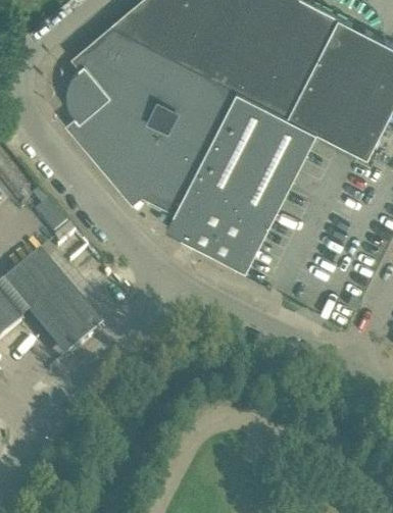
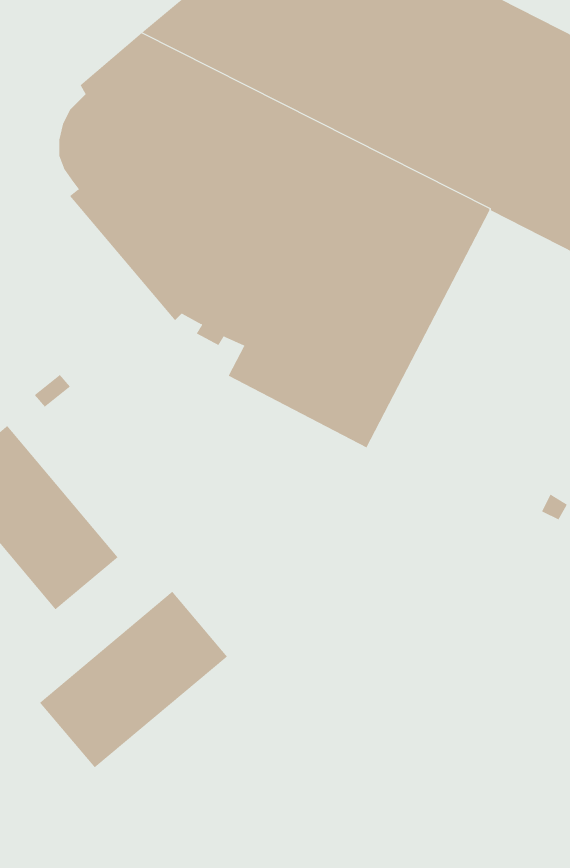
building: none -> [39,591,228,768]

